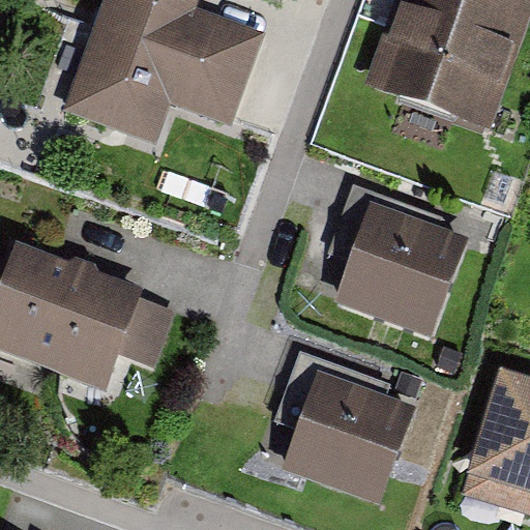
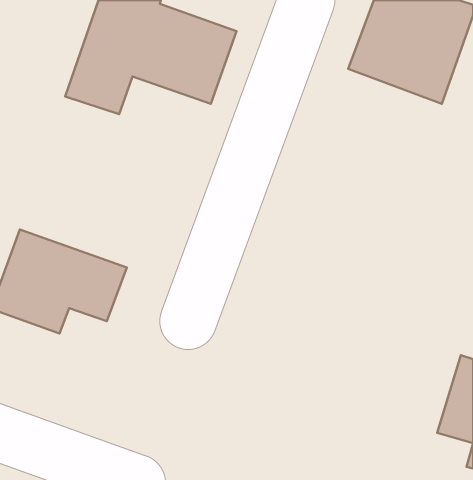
building: [318,211,465,330] -> none
building: [292,356,412,498] -> none

